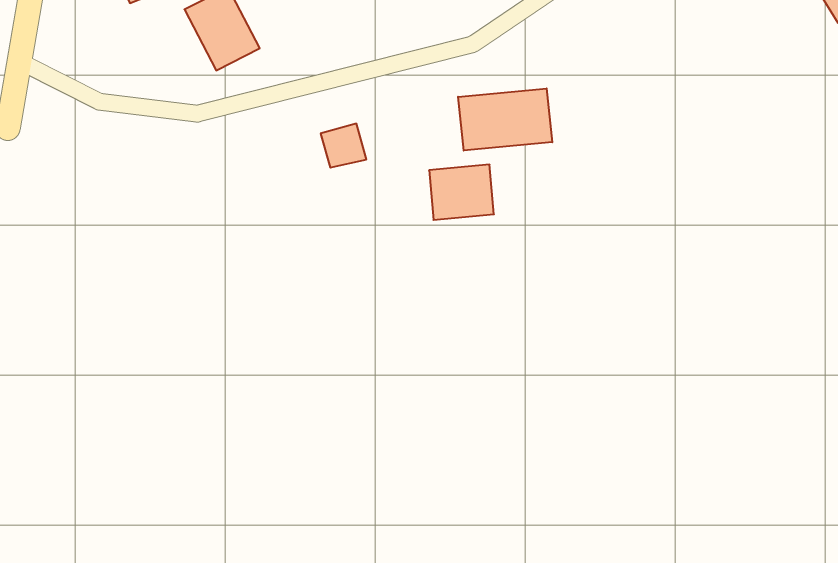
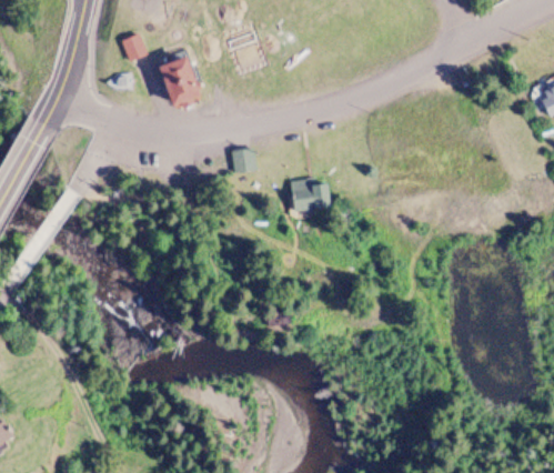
building: [458,88,552,151] -> none

